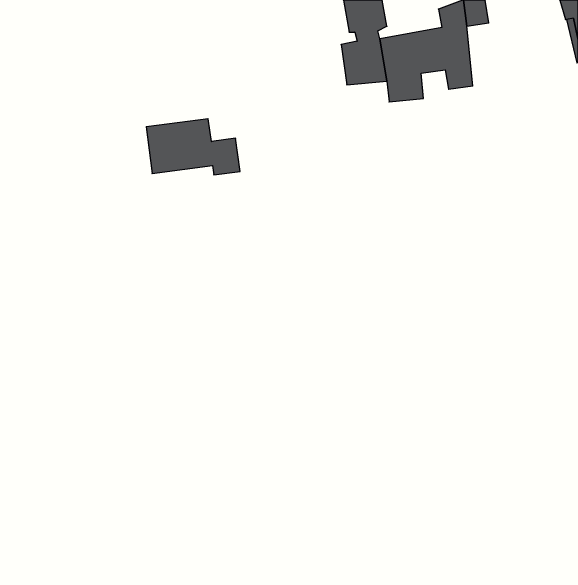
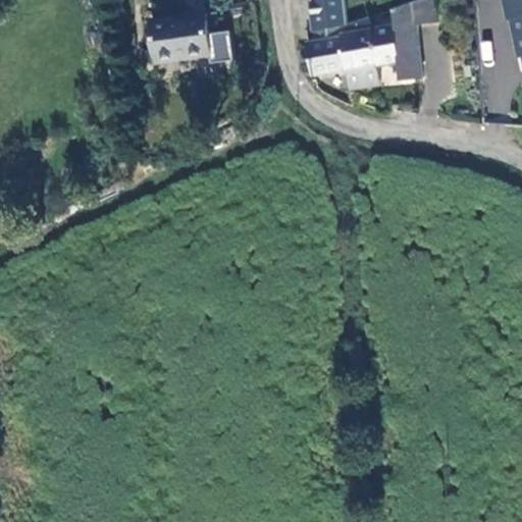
building: [146,119,240,175] -> [151,13,234,63]

